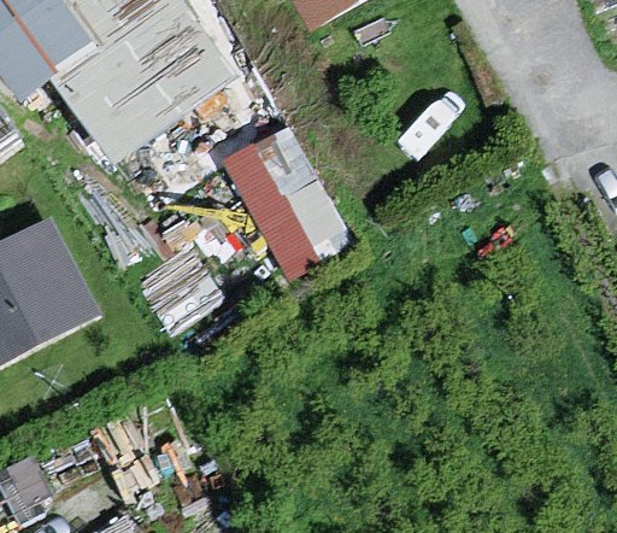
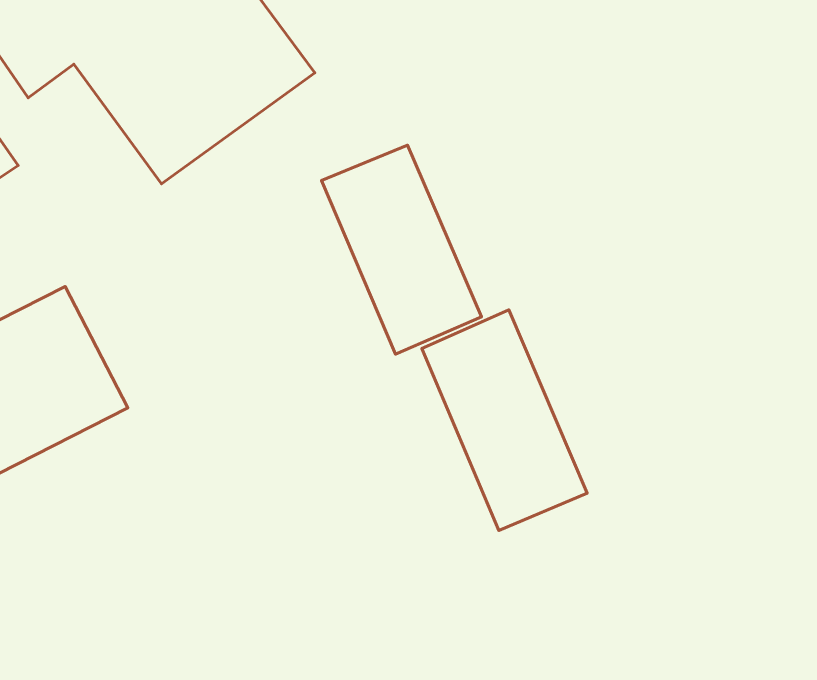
building: none -> [422,310,587,530]

